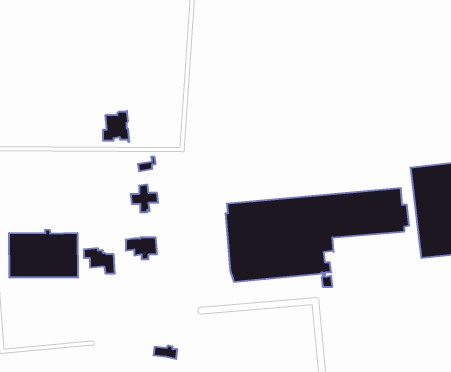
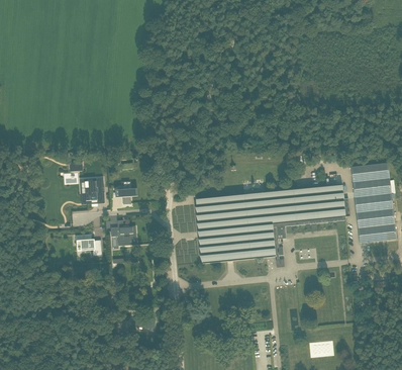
building: [103,111,129,142] -> [82,177,104,203]
building: [9,230,78,278] -> none

